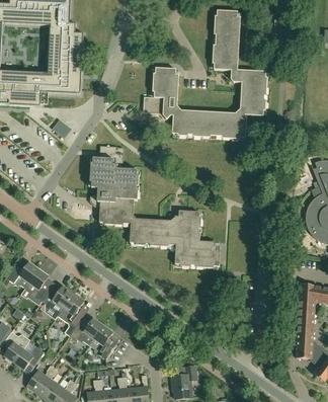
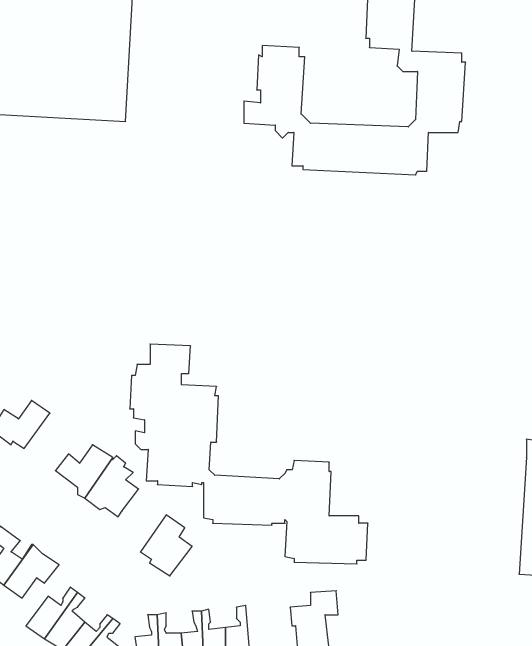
building: [89,147,220,267] -> [130,344,368,564]
building: [24,269,48,301] -> none
building: [68,318,102,345] -> none

